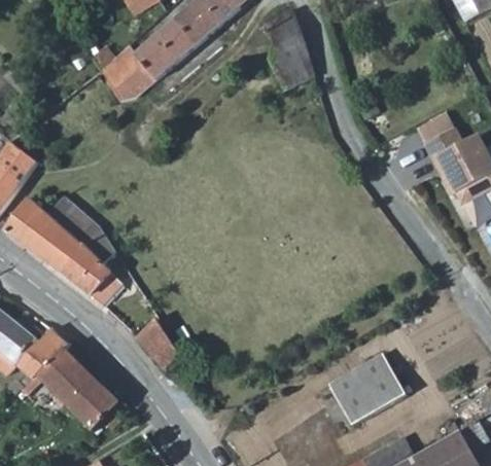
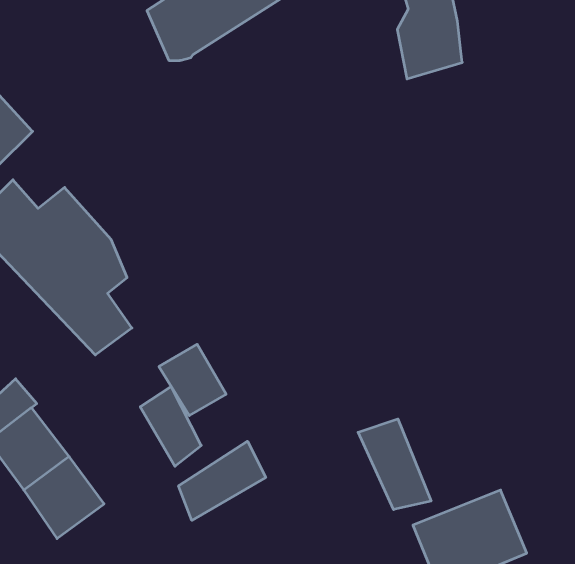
building: none -> [159,344,226,416]
building: none -> [358,419,431,510]
building: none -> [179,441,266,520]

